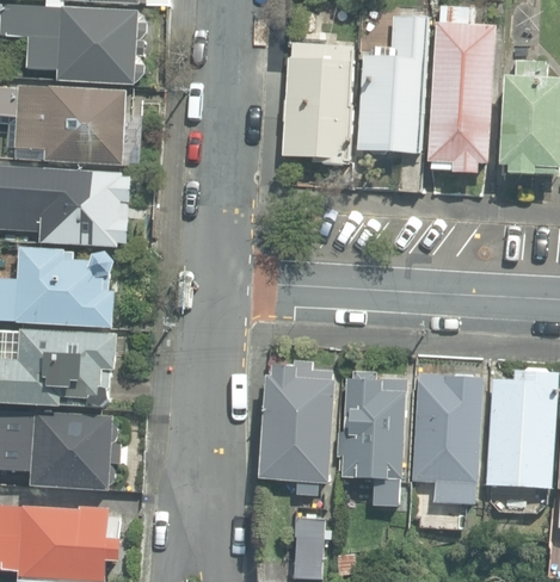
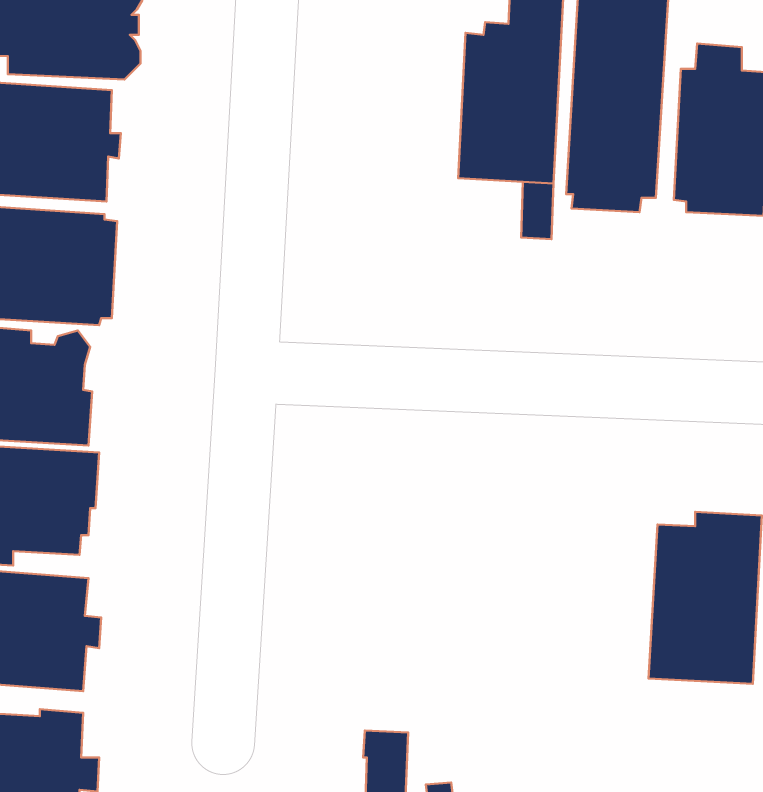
building: [281,43,352,165] -> none
building: [258,361,333,495] -> none
building: [337,371,406,496] -> none
building: [411,373,481,503] -> none

